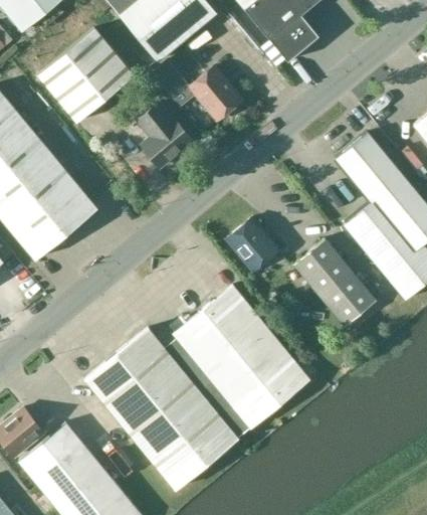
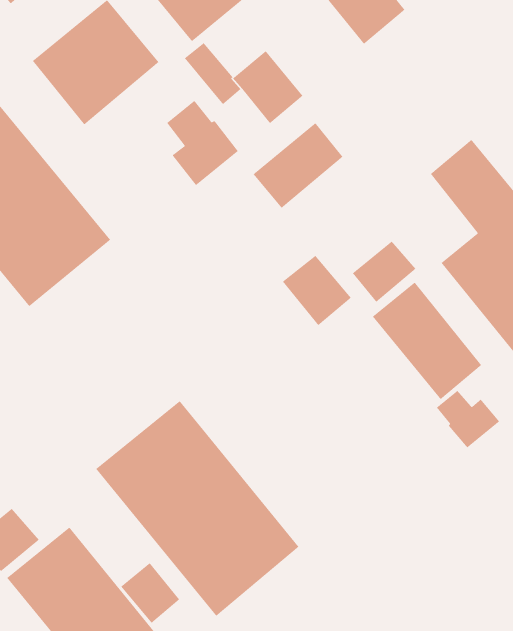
building: none -> [253,122,343,209]
building: none -> [352,240,416,303]
building: [167,288,308,438] -> none
building: none -> [436,390,500,449]
building: none -> [120,562,180,624]

